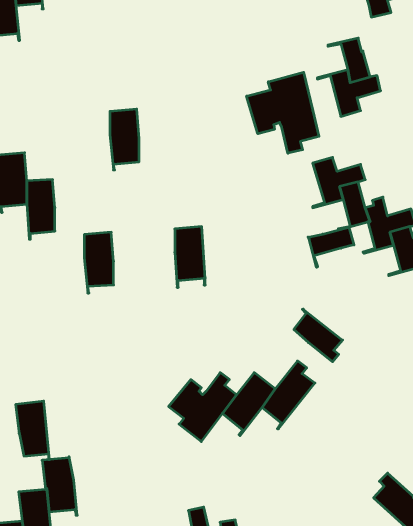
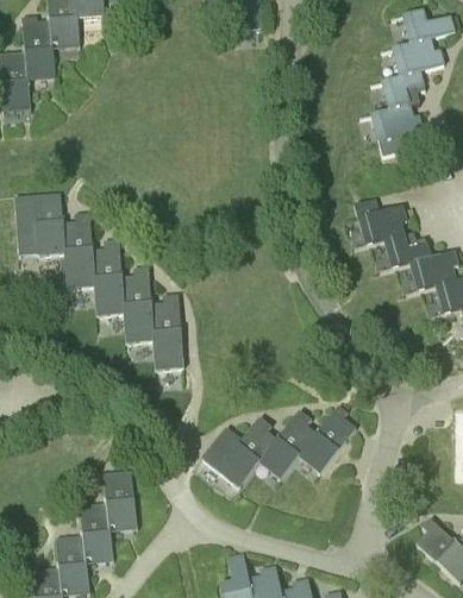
building: none -> [380,44,444,94]
building: [247,72,319,153] -> none
building: [110,109,139,170] -> [92,247,121,309]
building: [175,227,205,287] -> [151,302,182,364]
building: [308,227,354,267] -> none
building: [294,309,343,362] -> none
building: [16,401,50,460] -> [102,471,137,530]

